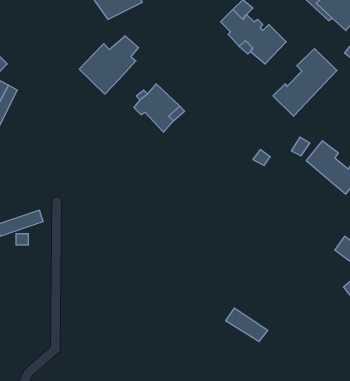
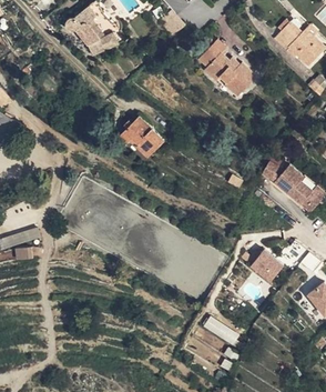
building: [79,36,139,94] -> none
building: [273,49,337,116] -> none
building: none -> [249,251,283,283]

